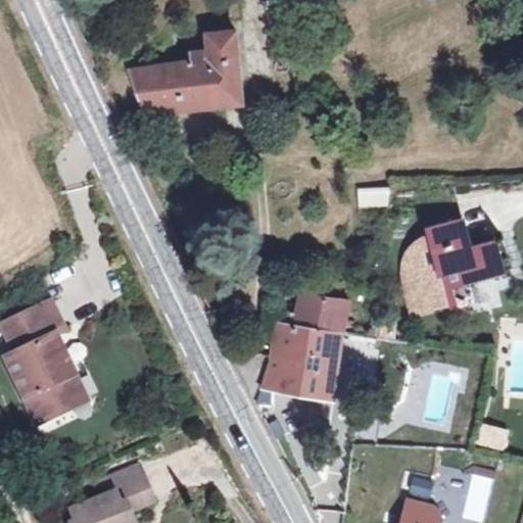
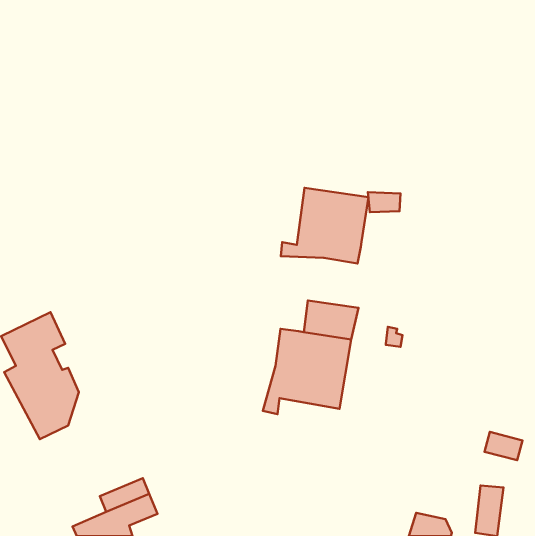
building: [139,33,243,111] -> none
building: none -> [281,188,368,264]
building: [405,220,503,312] -> none

